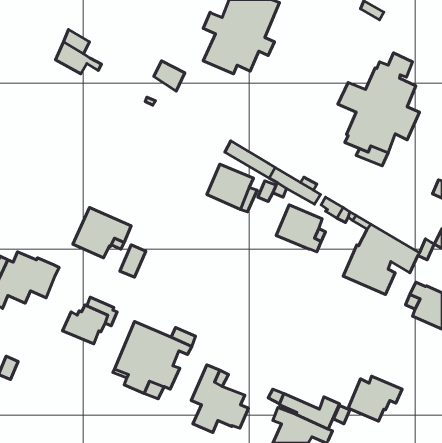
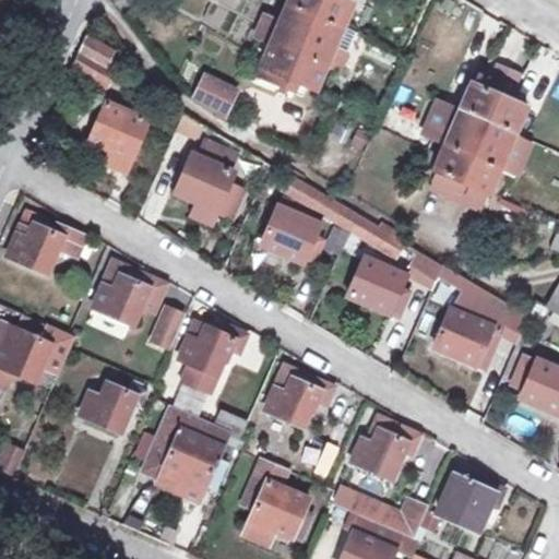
building: none -> [88,103,151,171]
building: none -> [175,141,243,224]
building: none -> [7,213,82,274]
building: none -> [178,322,246,392]
building: none -> [263,365,333,427]
building: none -> [350,417,419,478]

